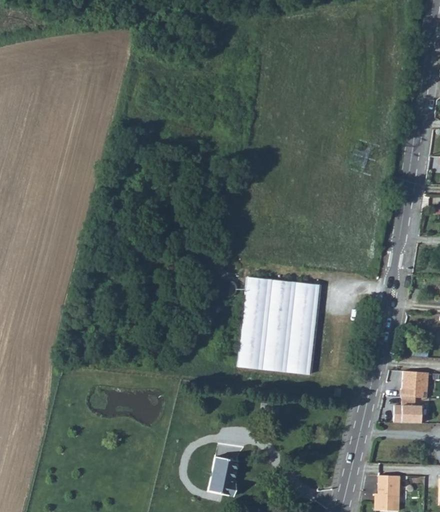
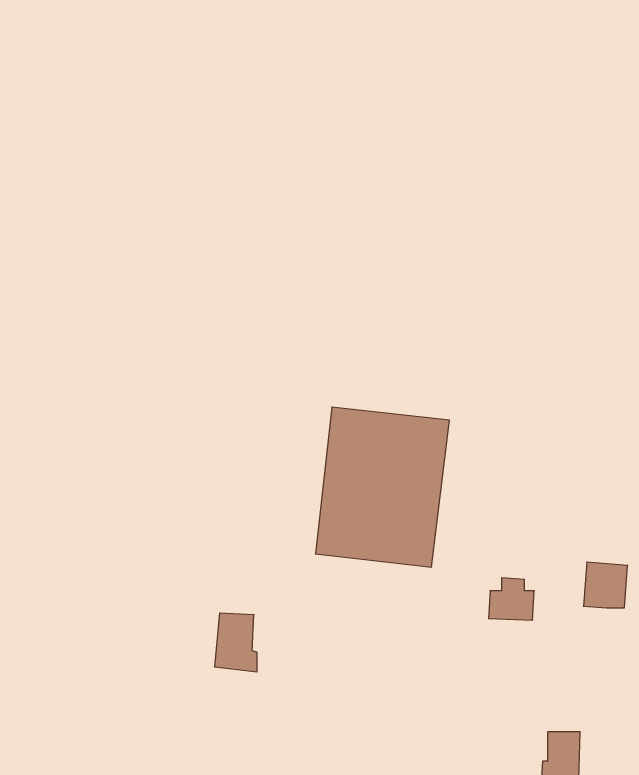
building: [394,398,422,424] -> [489,578,534,620]
building: [207,461,233,497] -> [215,613,257,672]

